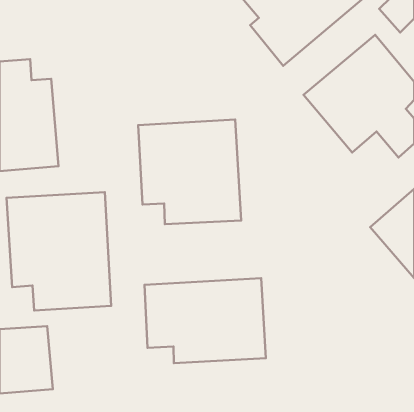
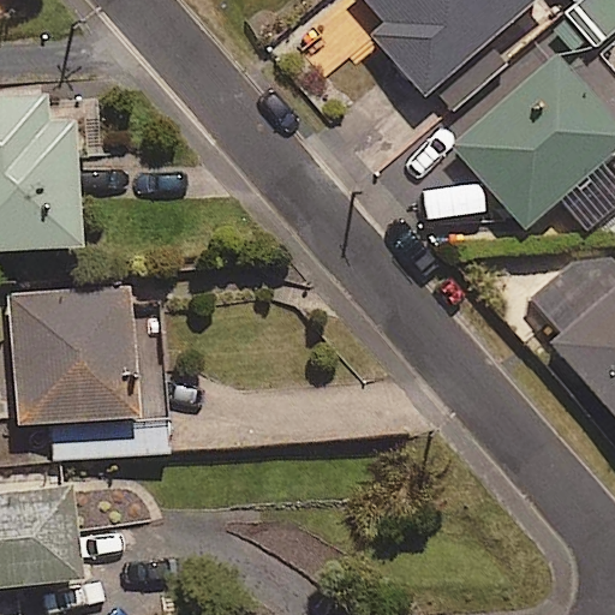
building: [138,119,241,224] -> none
building: [144,278,266,363] -> none

